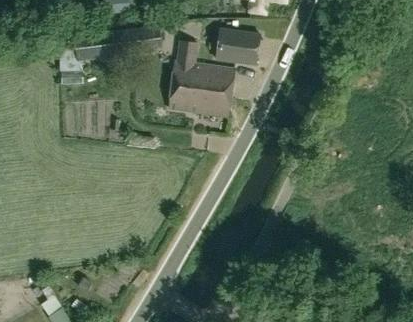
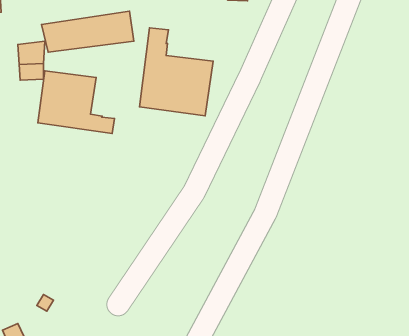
building: [215,27,261,67] -> none
building: none -> [38,71,114,133]

